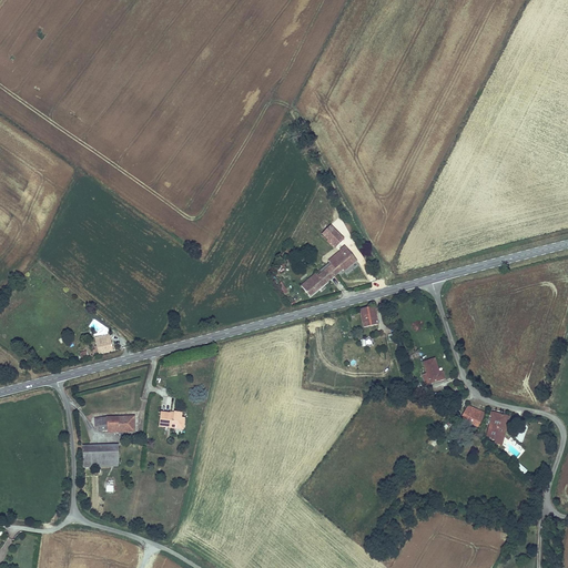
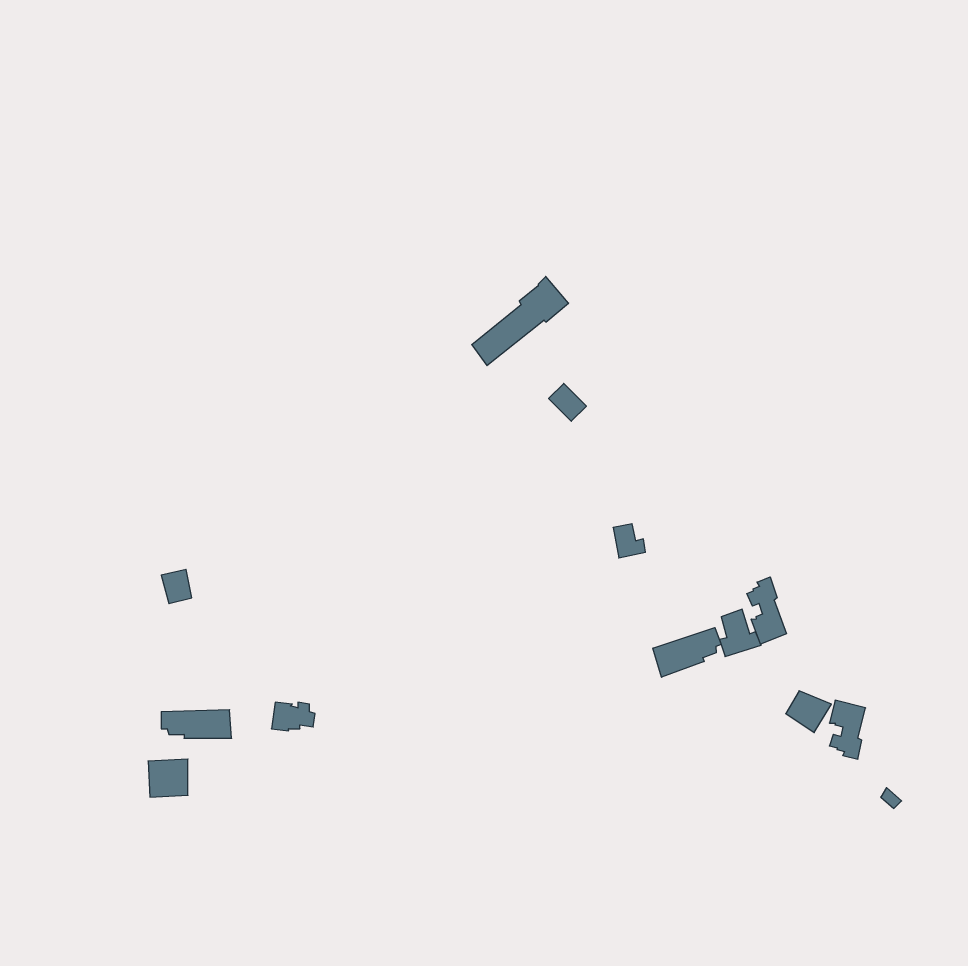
building: [301,244,357,296] -> [472,276,569,366]
building: none -> [747,577,787,644]
building: none -> [653,628,721,677]

